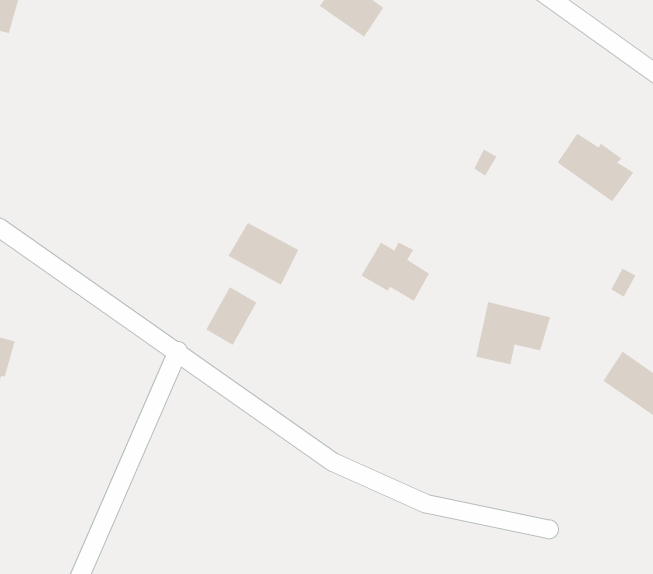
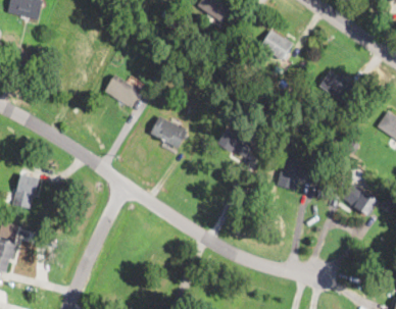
building: none -> [259,31,292,61]
building: none -> [104,74,141,108]
building: [206,286,257,346] -> none

